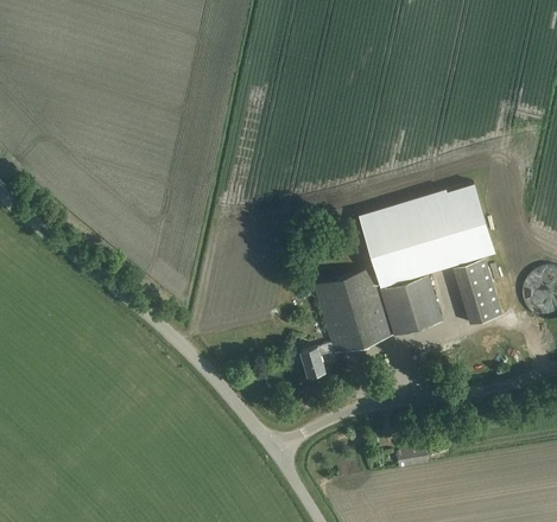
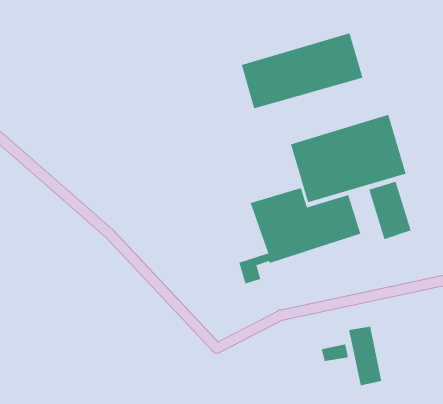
building: none -> [241,33,363,109]
building: none -> [349,326,382,386]

